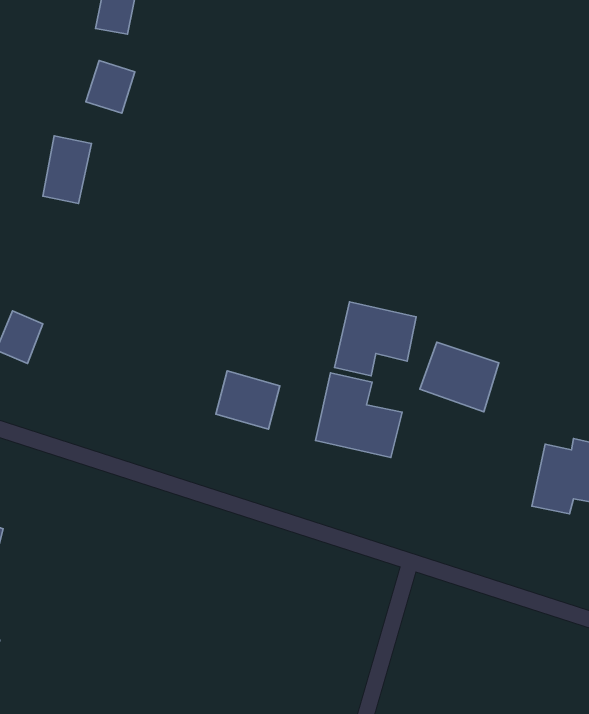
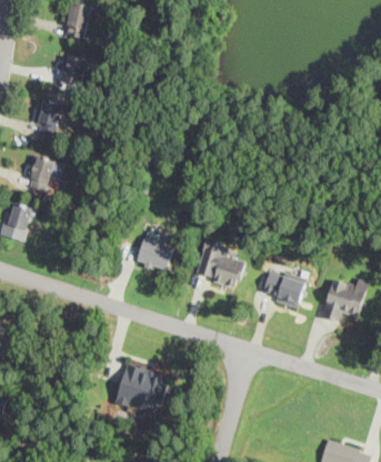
building: none -> [28,155,56,190]
building: [335,302,416,376] -> none
building: [420,342,499,412] -> [261,267,308,308]
building: none -> [117,363,171,411]

